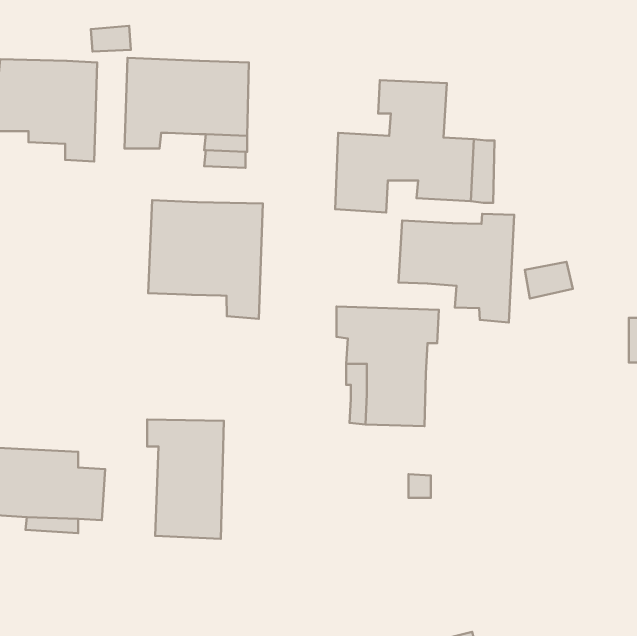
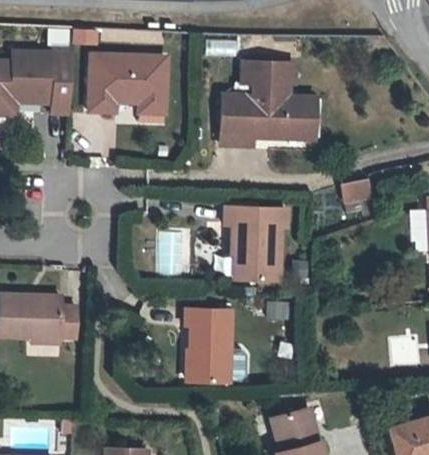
building: [148,200,263,319] -> none
building: [399,214,514,322] -> none
building: [147,419,224,539] -> [183,309,231,384]

